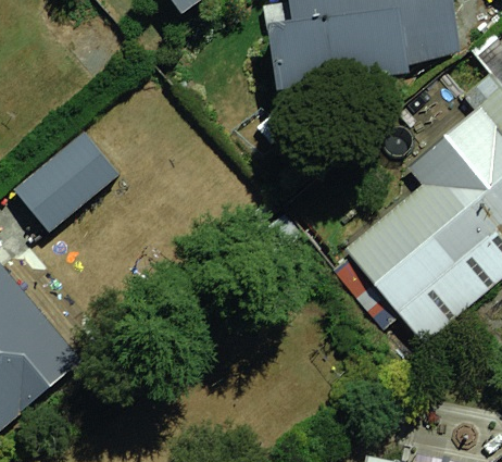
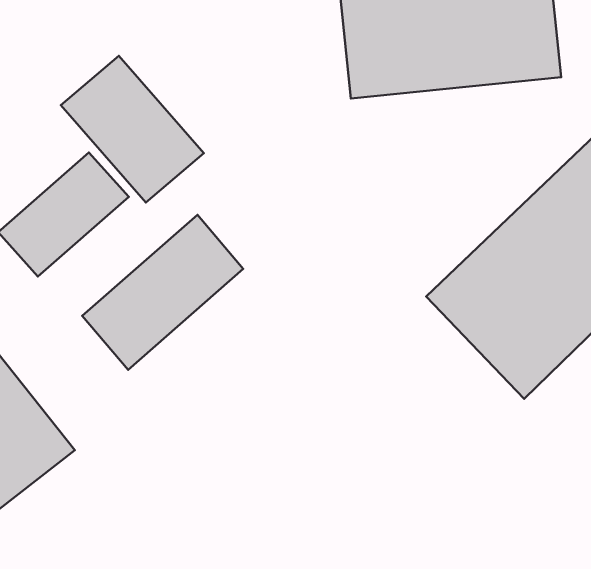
building: none -> [61,56,204,203]
building: none -> [82,215,243,370]

